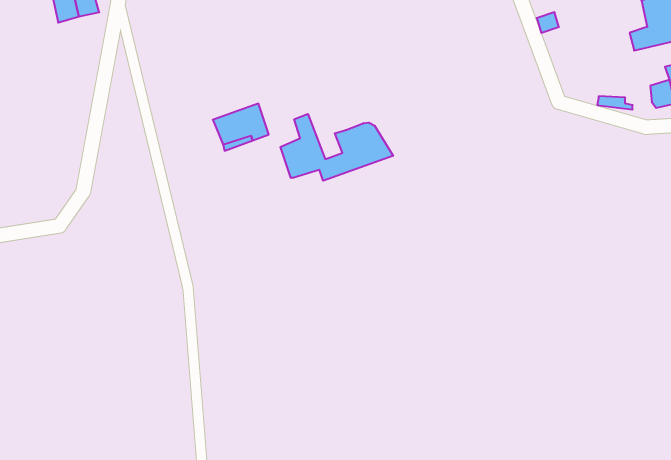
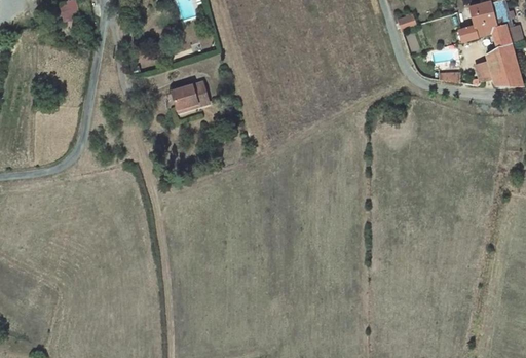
building: [280,114,393,181] -> none

